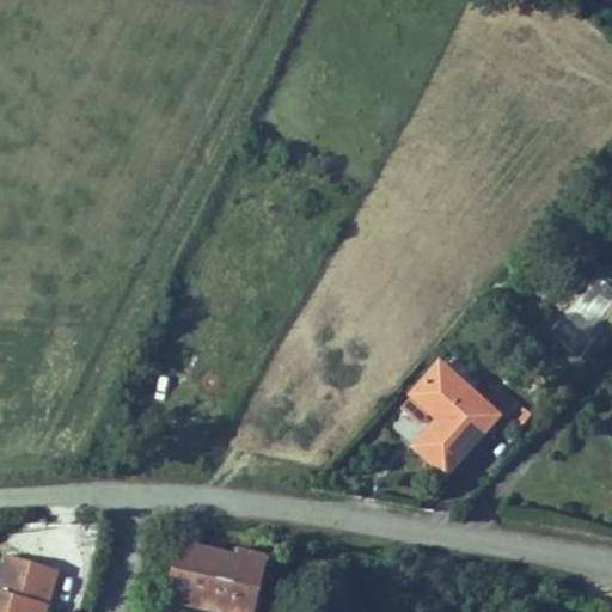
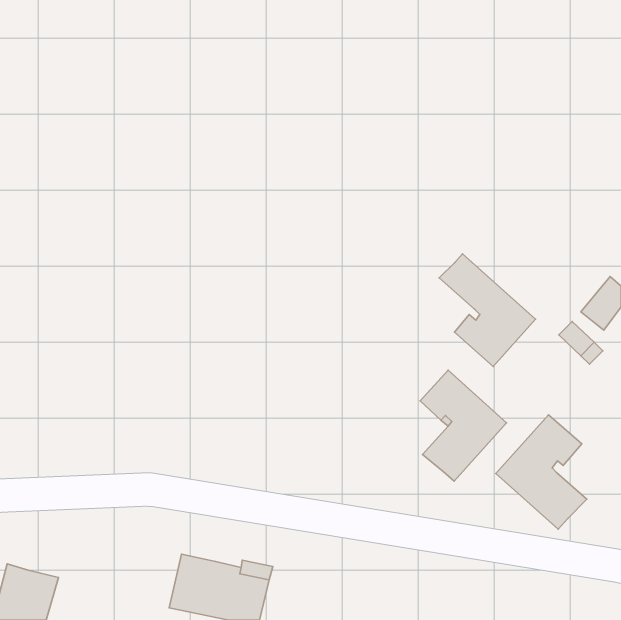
building: none -> [439,254,536,366]
building: none -> [496,415,587,529]

